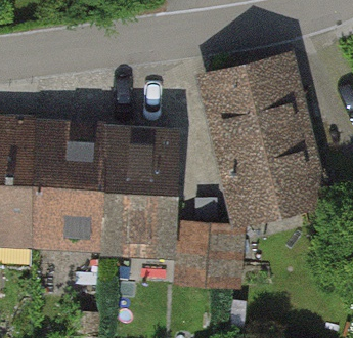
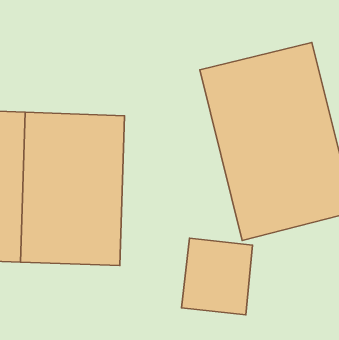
building: [121,116,176,252] -> none

